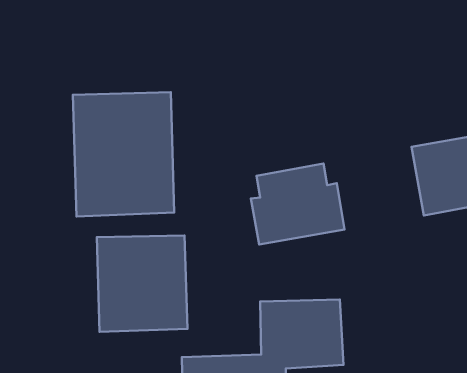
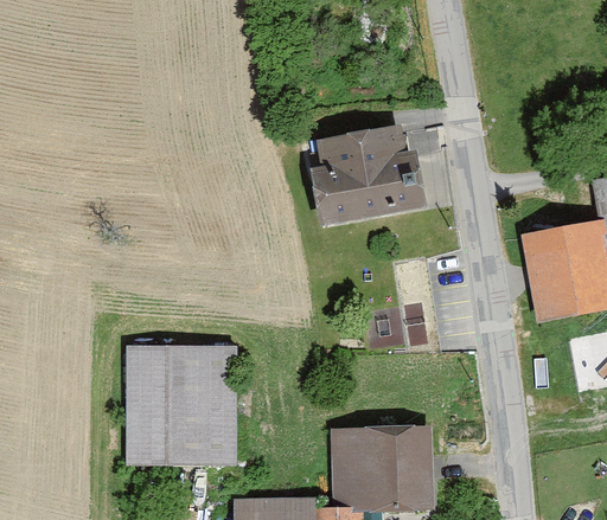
building: [73,92,174,216] -> none
building: [251,163,344,245] -> [309,124,427,226]

